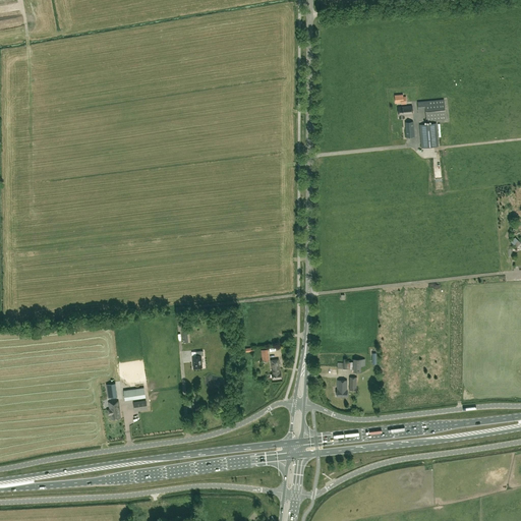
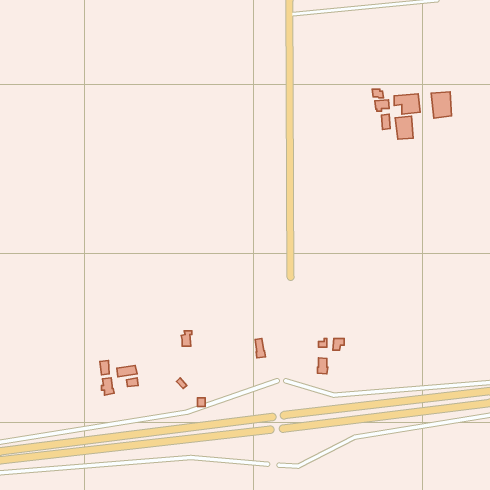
building: none -> [431,92,451,118]

